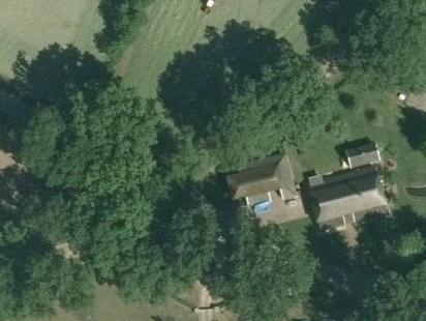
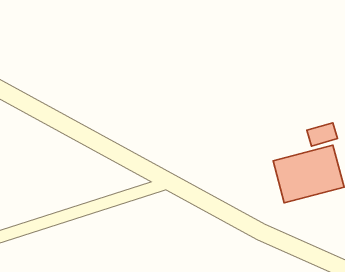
building: [229,154,296,206] -> none

